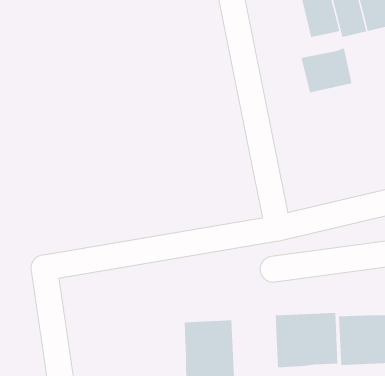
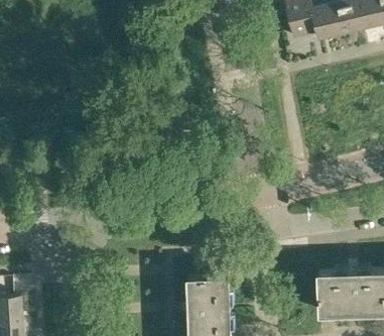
building: [295,47,352,93] -> none
building: [275,312,338,368] -> none

